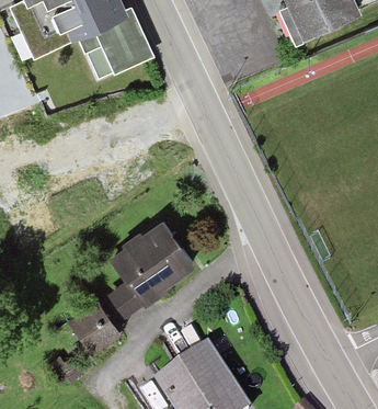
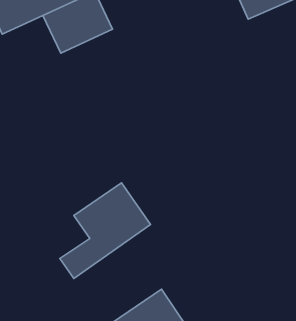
building: [67,305,118,356] -> none

